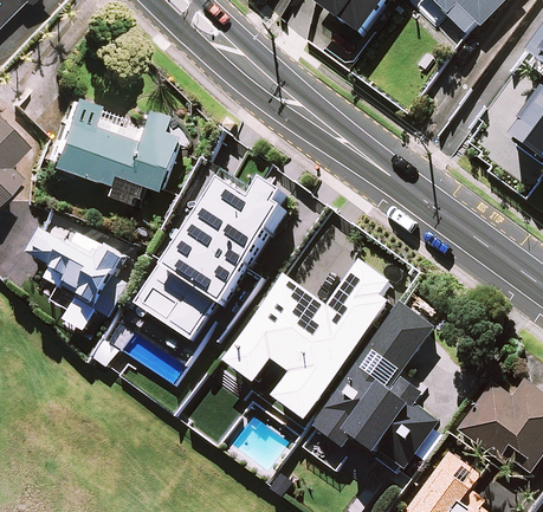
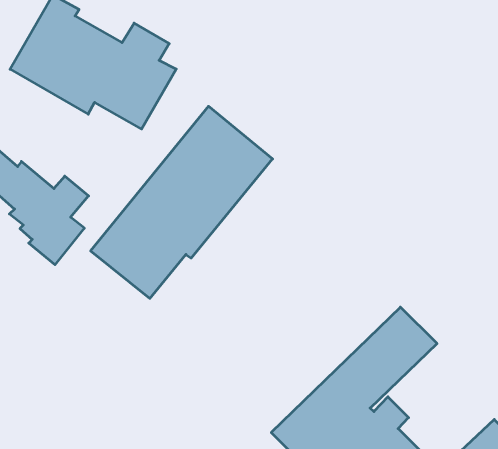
building: [218,260,393,407] -> none

